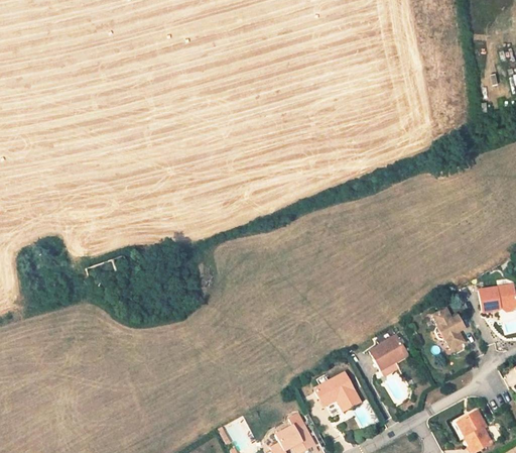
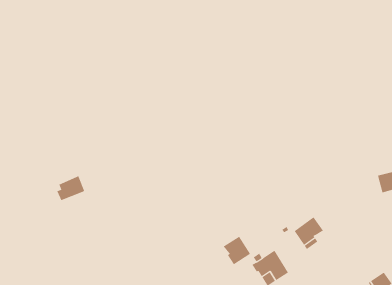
building: [432,308,466,349] -> none
building: none -> [223,236,251,265]

